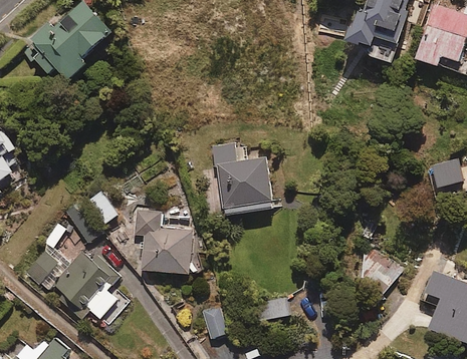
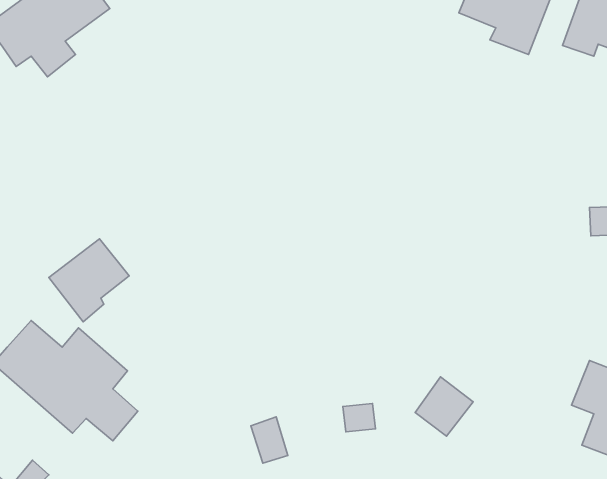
building: [213,142,271,214] -> none
building: [133,210,191,273] -> none
building: [363,253,402,293] -> [415,377,473,436]

